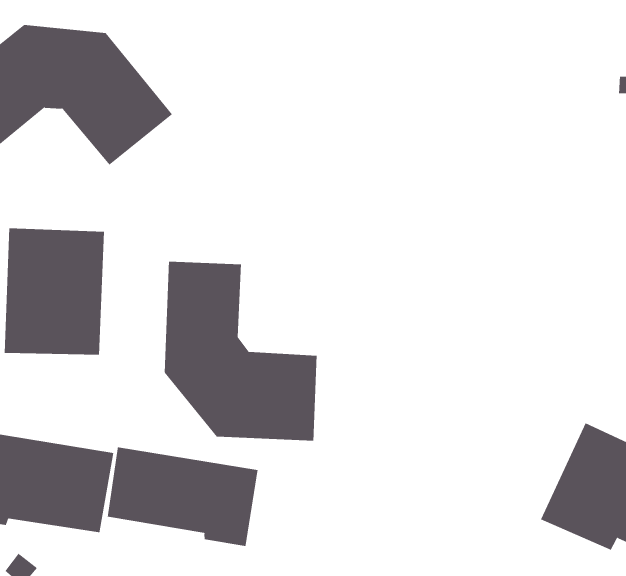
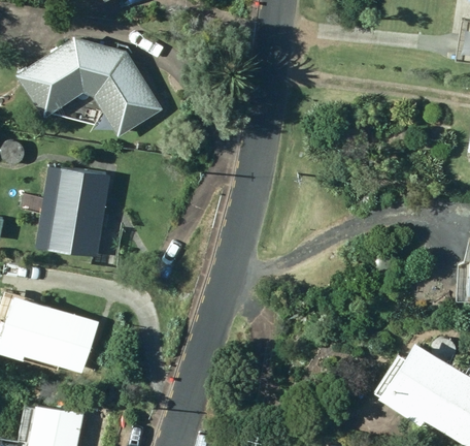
building: [164,261,317,442] -> none
building: [107,447,258,547] -> none

